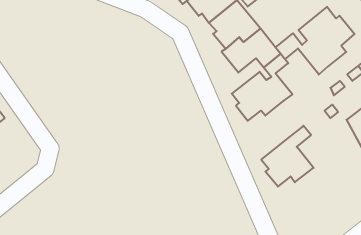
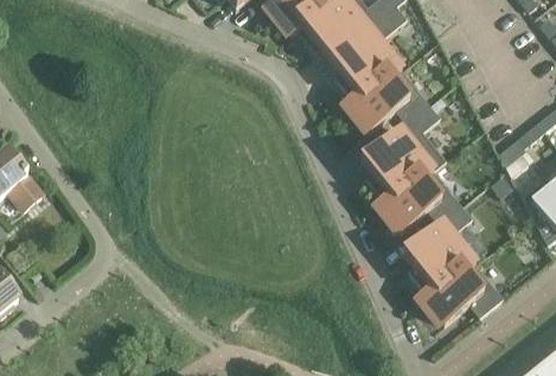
building: [276,7,355,75] -> none
building: none -> [377,170,460,231]
building: none -> [418,263,501,324]

